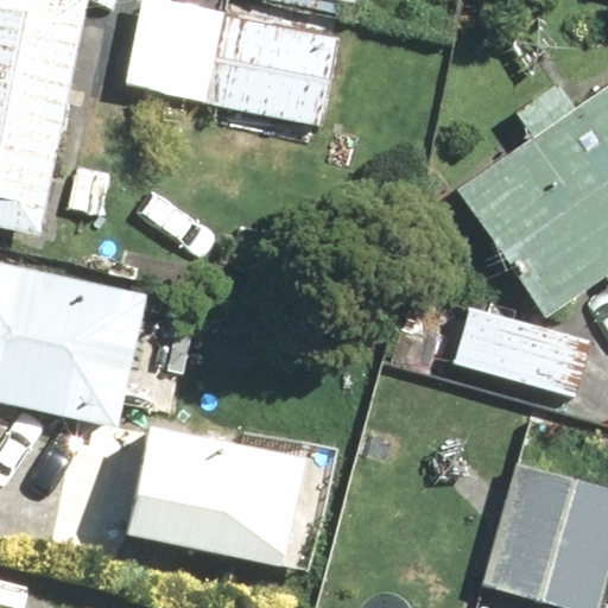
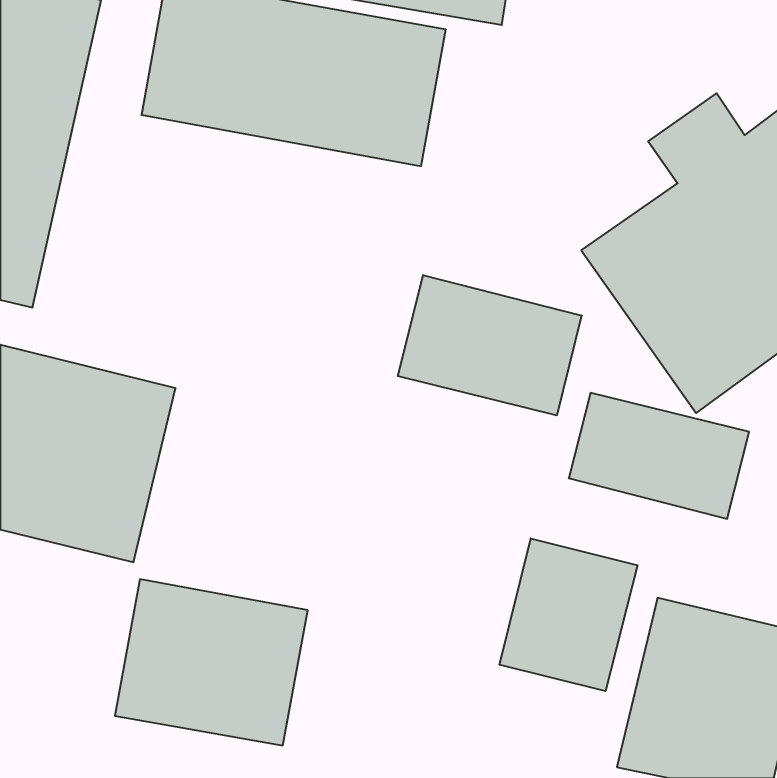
building: none -> [398,275,582,415]
building: none -> [500,538,638,691]

